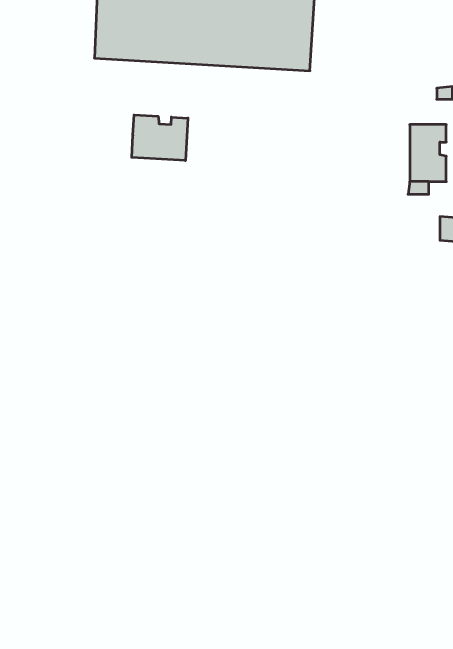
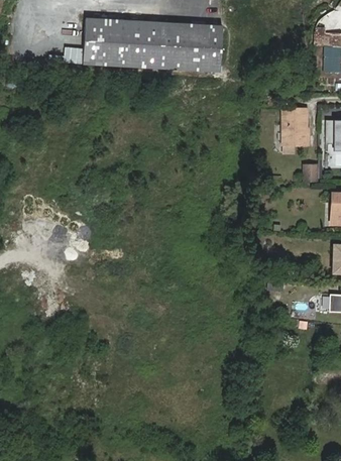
building: [132,115,188,161] -> none

